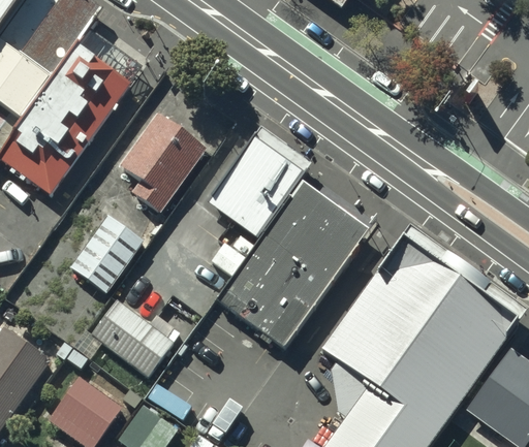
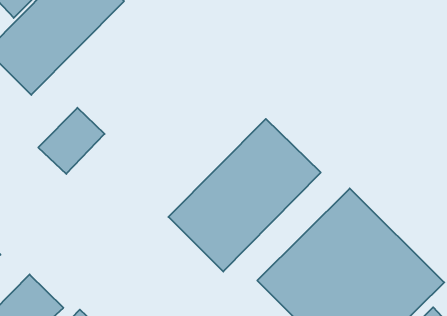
building: [118,105,203,204] -> none
building: [207,133,307,237] -> none
building: [89,288,170,362] -> none

